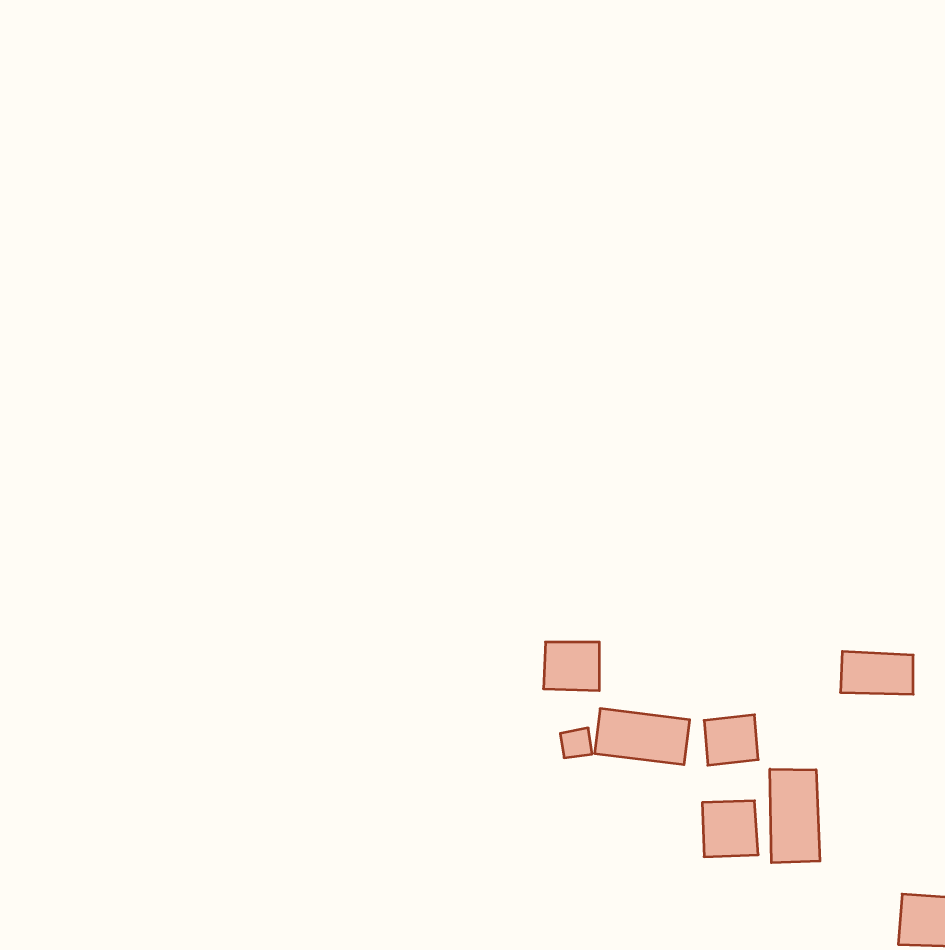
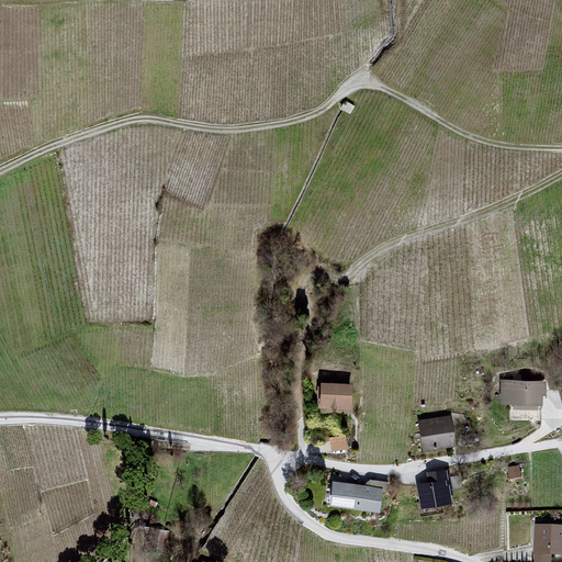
building: [595,709,690,765] -> [325,479,381,512]
building: [770,769,820,863] -> none

